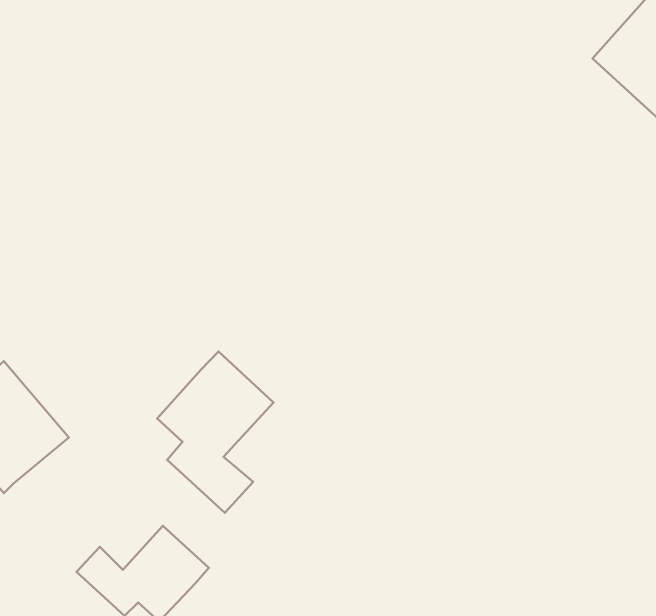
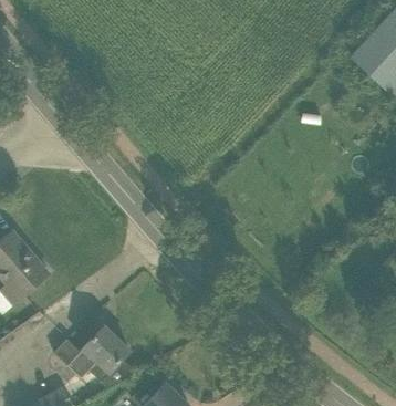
building: [157,352,274,513] -> none

